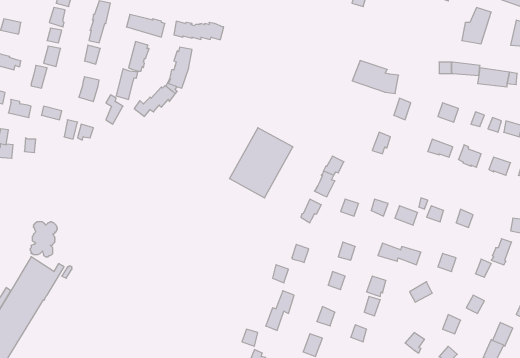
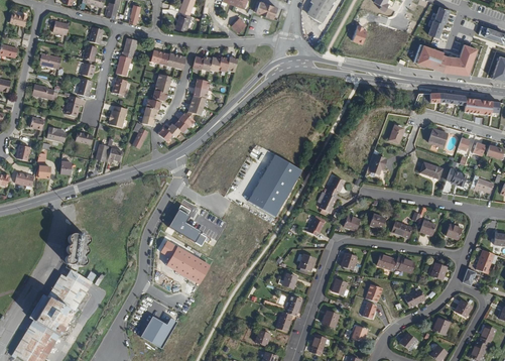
building: [352,61,399,93] -> [411,44,453,74]
building: none -> [168,209,200,241]
building: none -> [160,240,211,284]
building: none -> [140,316,175,347]

